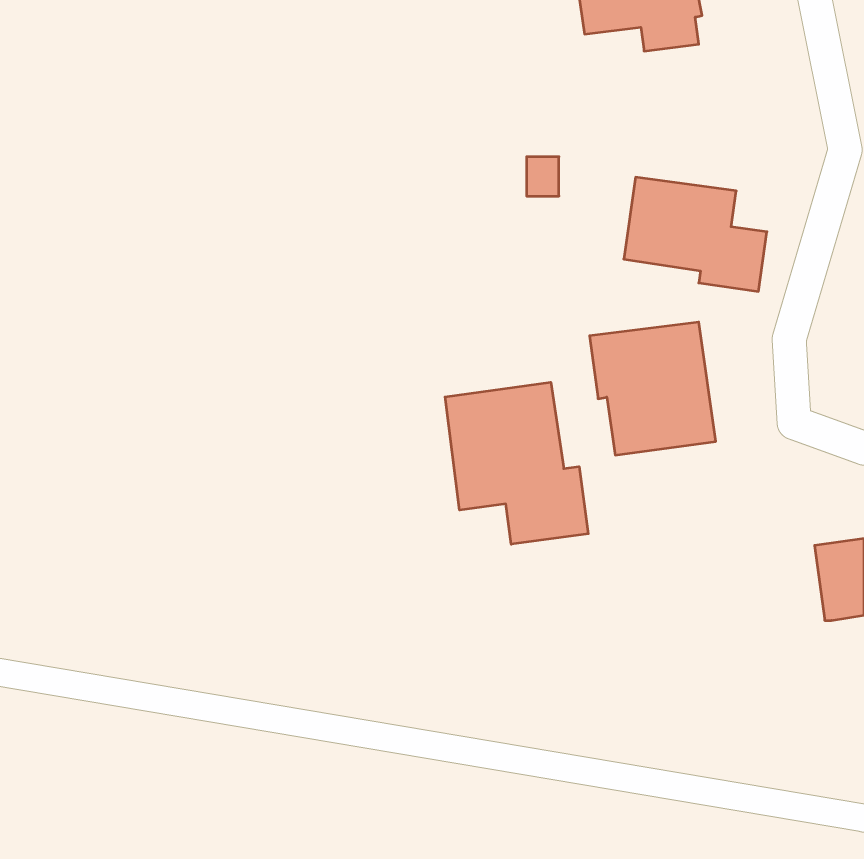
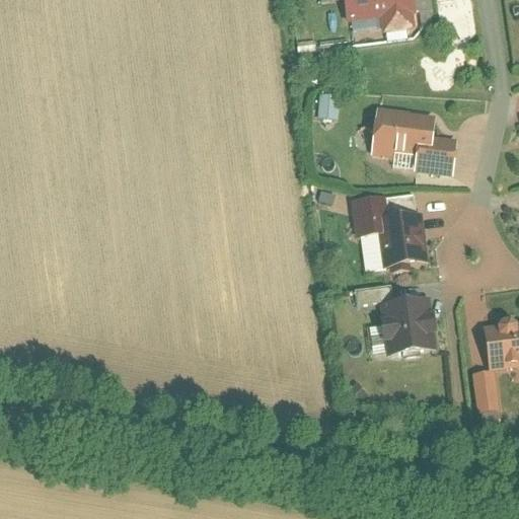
building: [445,382,588,544] -> none
building: none -> [381,295,440,357]
building: none -> [471,369,503,428]

